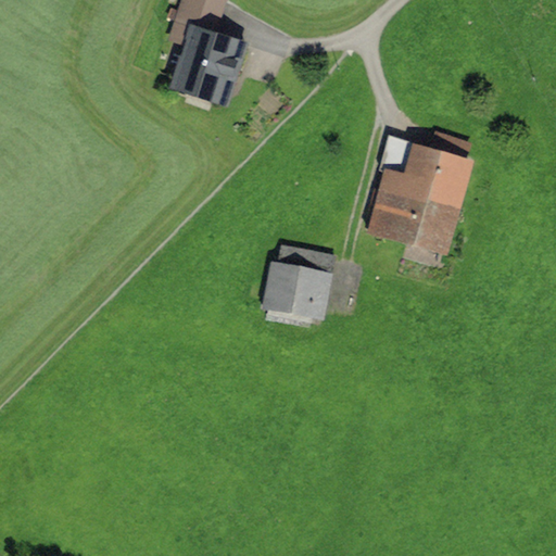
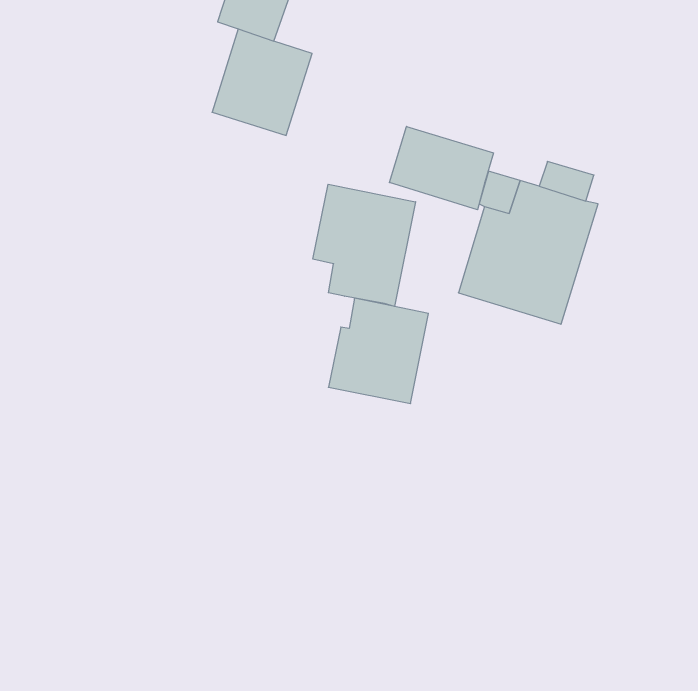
building: none -> [389,126,493,210]
building: none -> [313,184,416,306]

